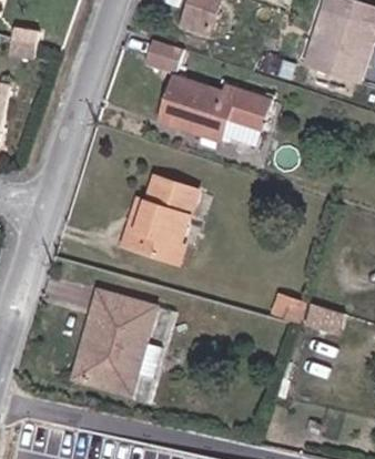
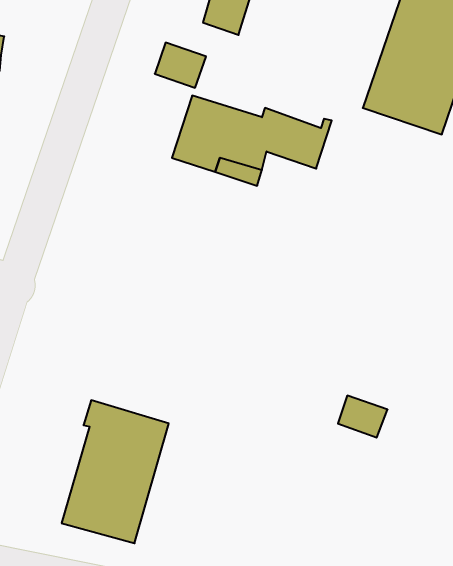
building: [122,175,195,263] -> none

